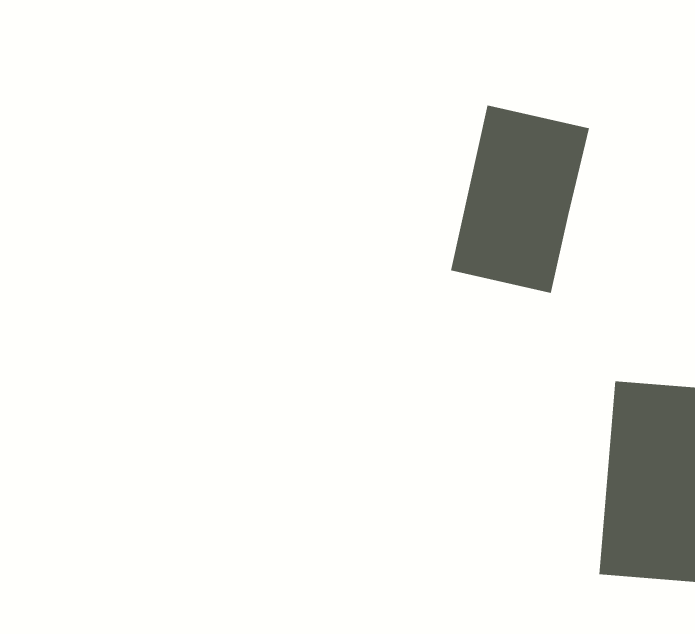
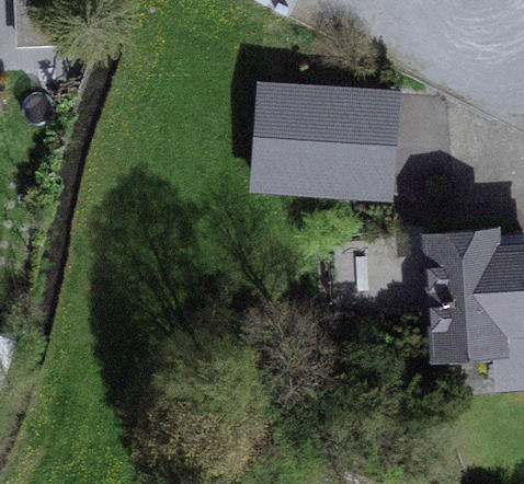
building: none -> [258,91,333,195]

